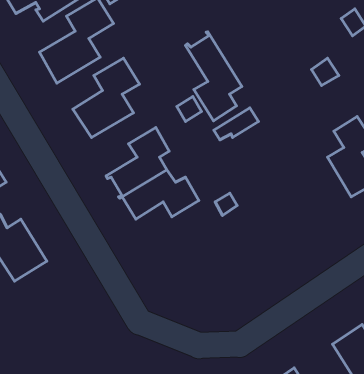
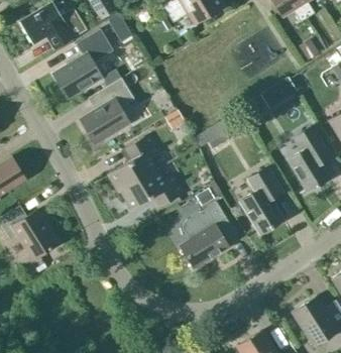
building: [185,32,242,121] -> none
building: none -> [239,165,283,234]
building: none -> [180,201,236,267]

